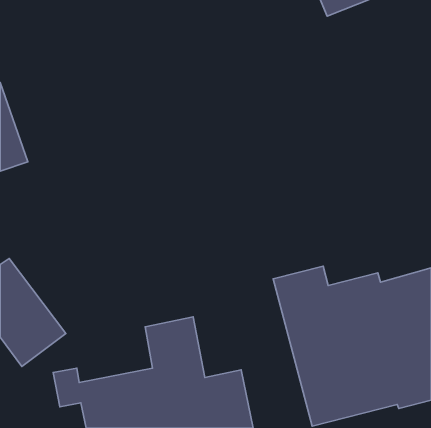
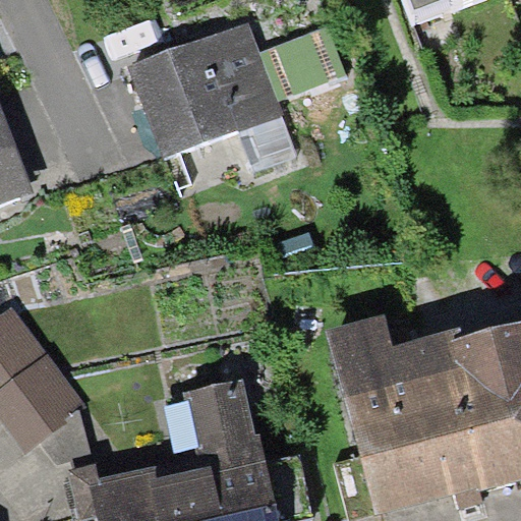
building: none -> [133,25,295,168]

